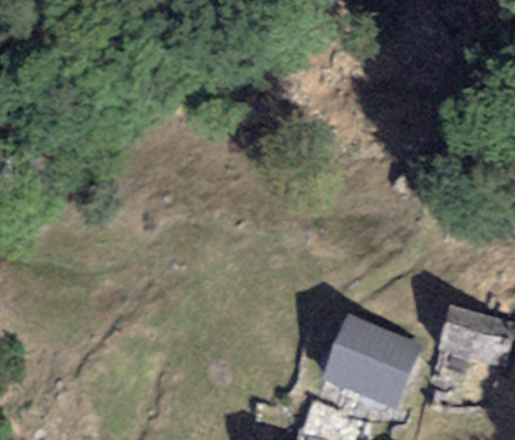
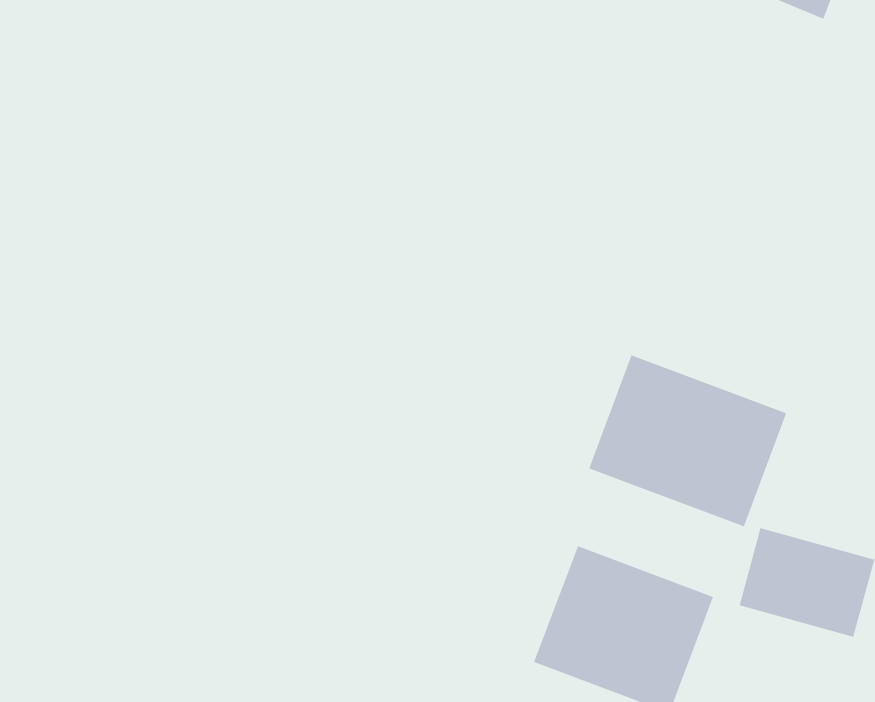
building: none -> [588,354,787,527]

